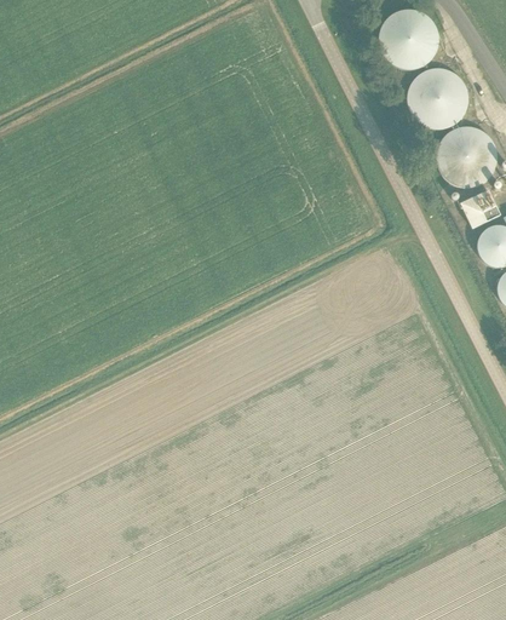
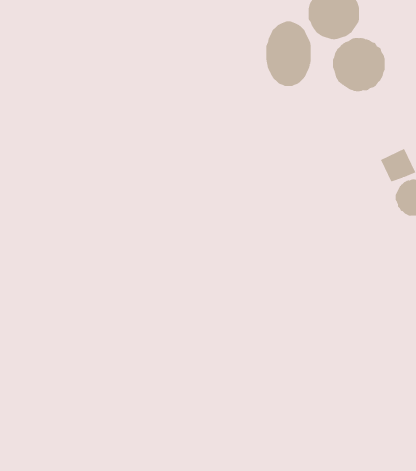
building: none -> [266,20,311,87]
building: [436,126,496,186] -> none

